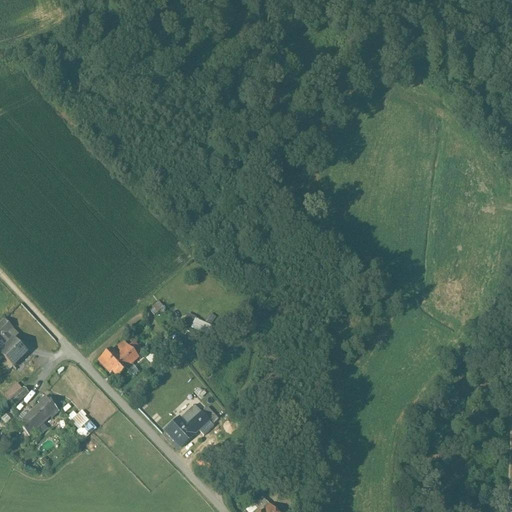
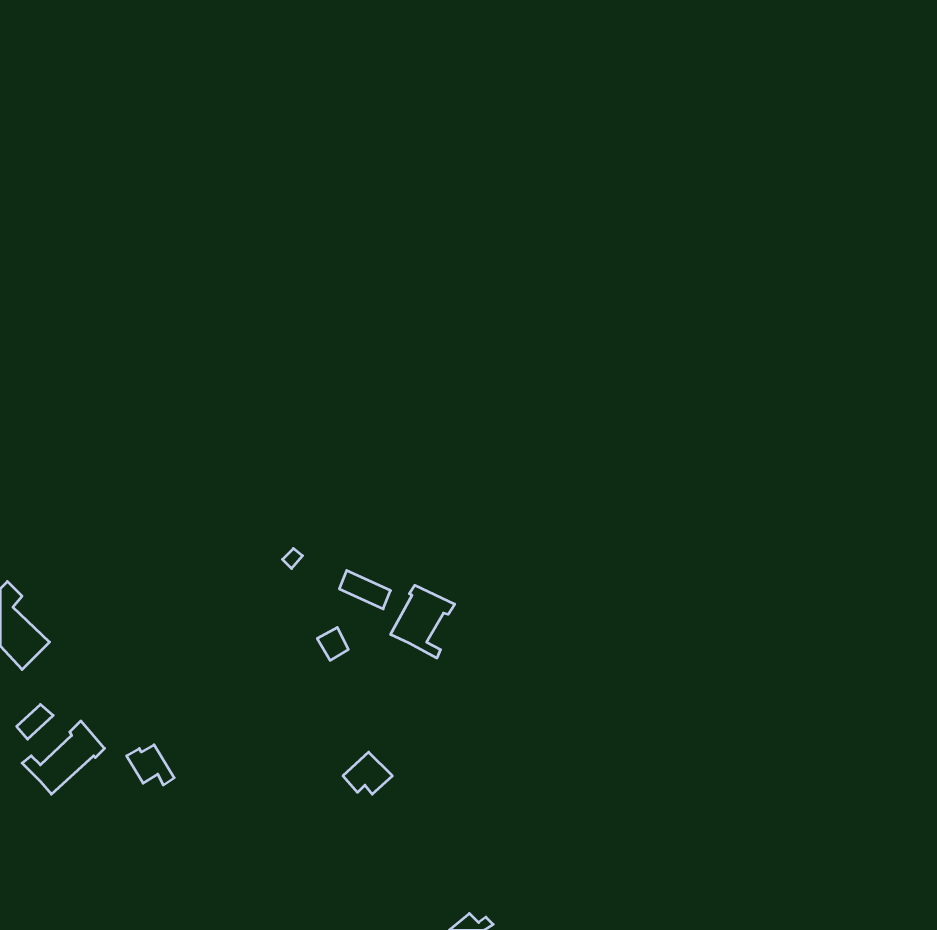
building: none -> [391,585,455,658]
building: [97,345,137,376] -> none
building: [165,415,195,445] -> none

